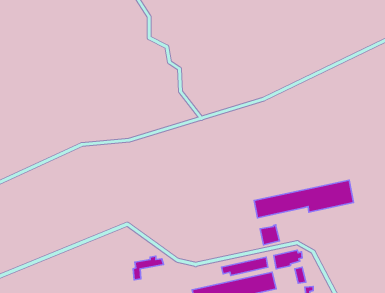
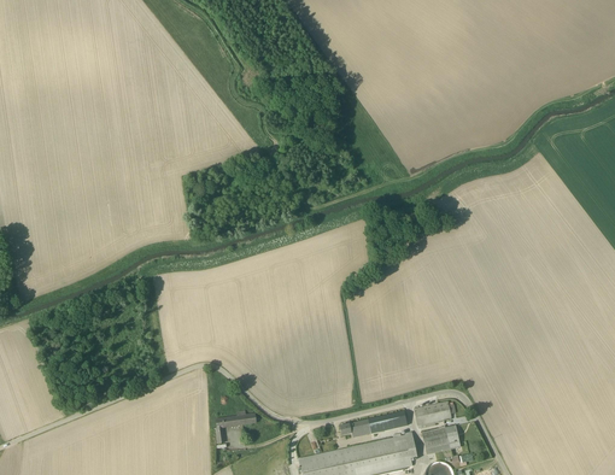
building: [254,180,354,218] -> none
building: [260,225,279,245] -> [422,426,450,455]

